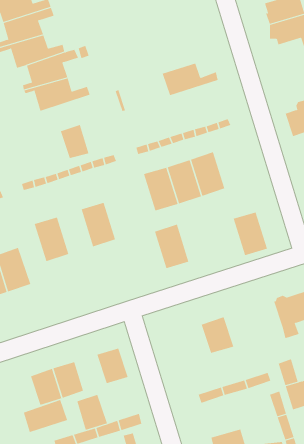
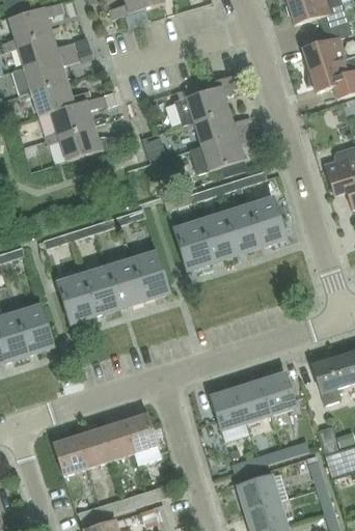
building: none -> [173,74,241,127]
building: none -> [189,130,256,175]
building: [60,124,89,159] -> none
building: none -> [82,267,119,314]
building: [233,212,268,256] -> [248,198,285,245]
building: [154,224,189,269] -> [132,251,169,299]
building: none -> [260,372,295,413]
building: none -> [210,389,245,428]
building: [76,394,108,430] -> [101,421,134,459]
building: [23,399,68,433] -> none
building: none -> [237,475,277,509]

